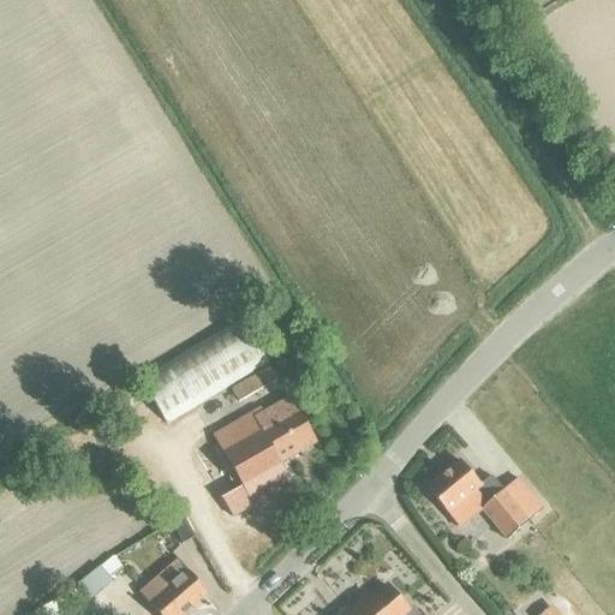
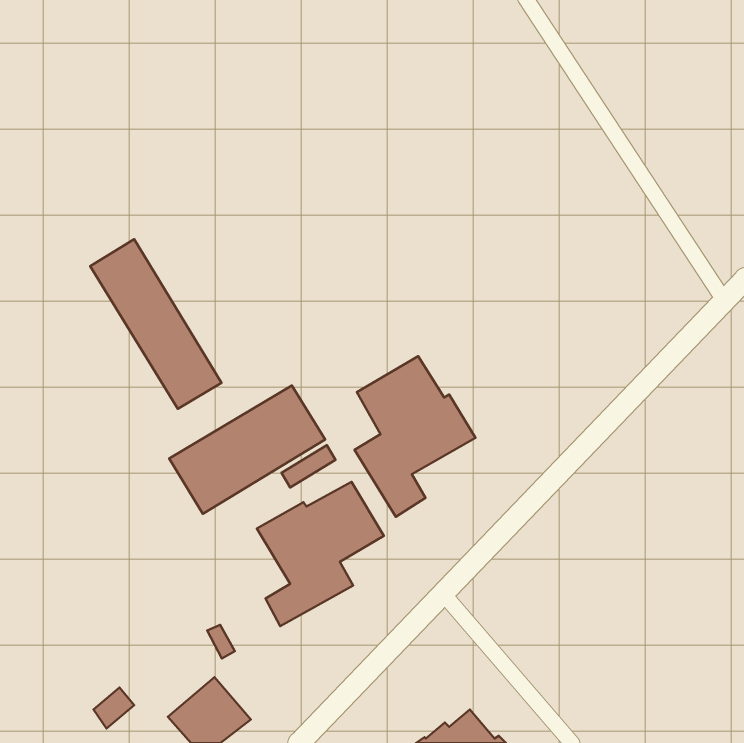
building: none -> [90,239,222,409]
building: none -> [355,356,476,517]
building: [426,459,543,539] -> none

